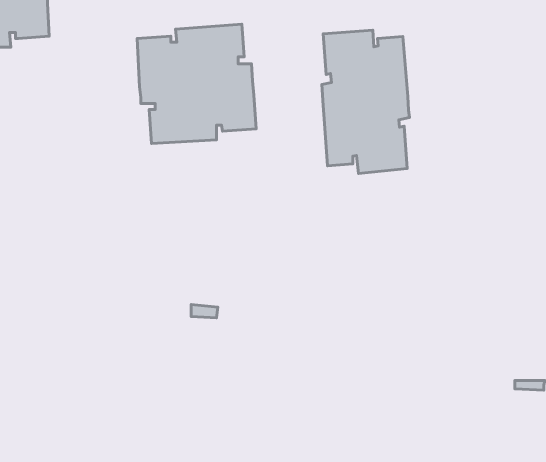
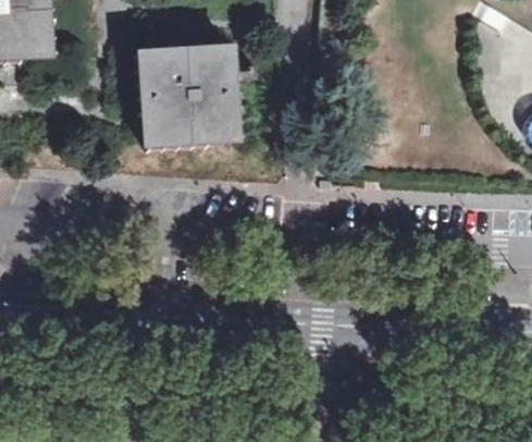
building: [322,30,409,173] -> none

